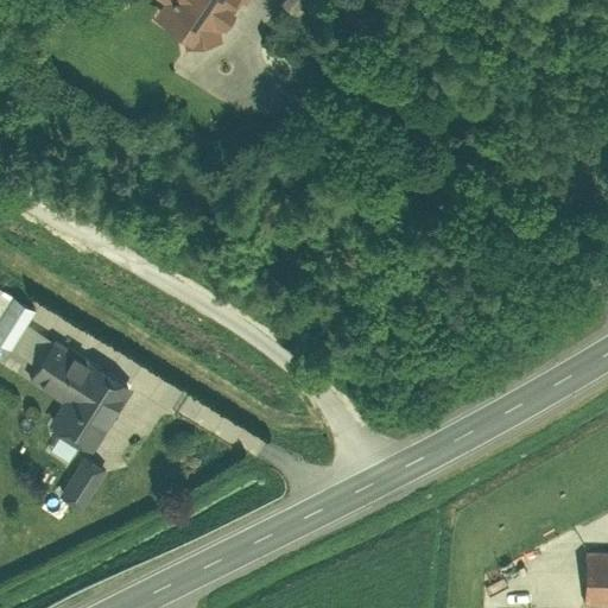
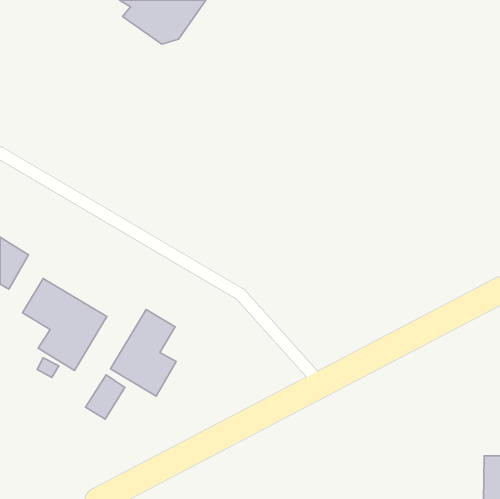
building: none -> [111,309,176,396]
building: [59,456,107,509] -> [86,375,125,419]

